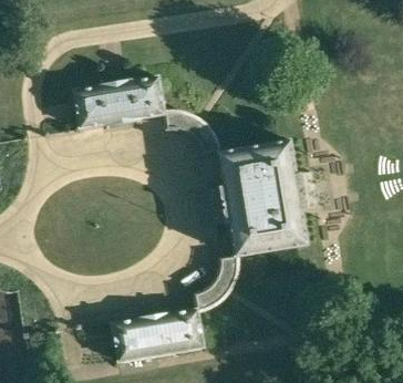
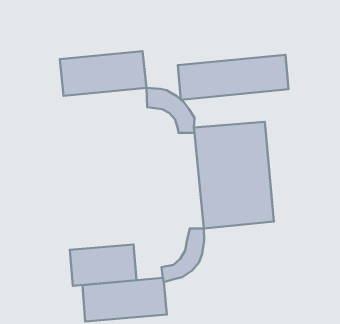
building: none -> [178,55,288,100]
building: none -> [70,244,136,286]

